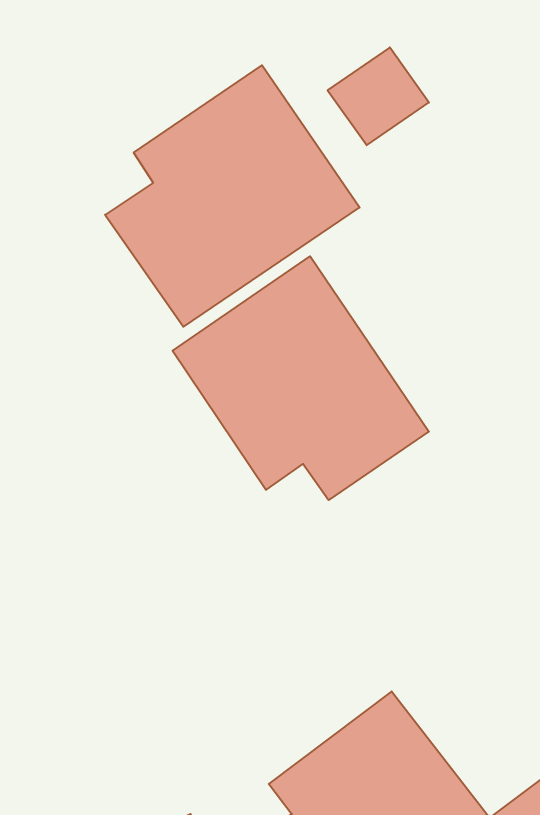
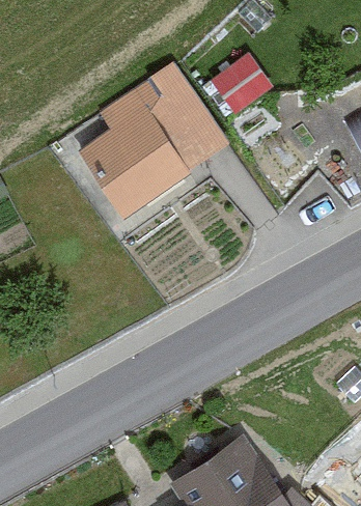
building: [173,256,429,500] -> none

